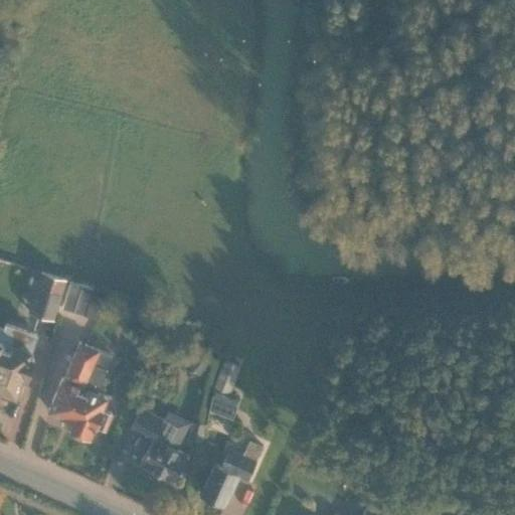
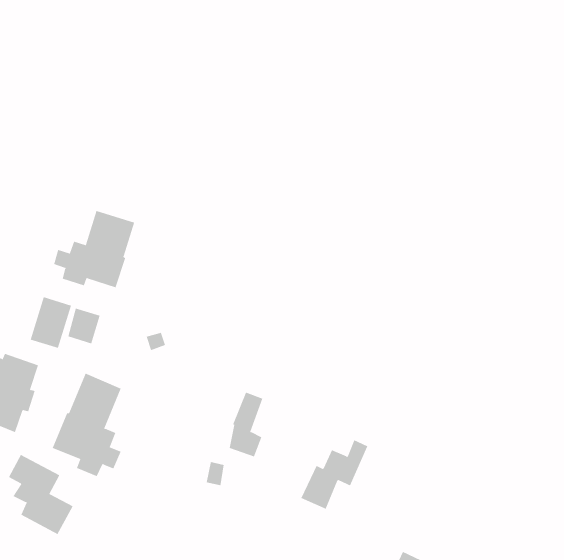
building: none -> [53,210,135,288]
building: [128,410,187,484] -> [8,454,73,535]
building: [200,443,262,506] -> [301,440,368,509]

